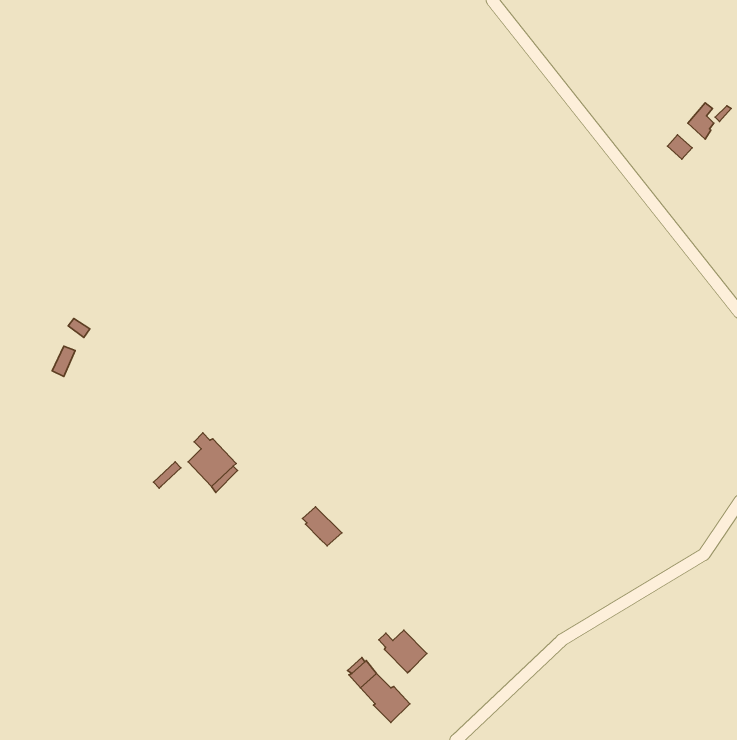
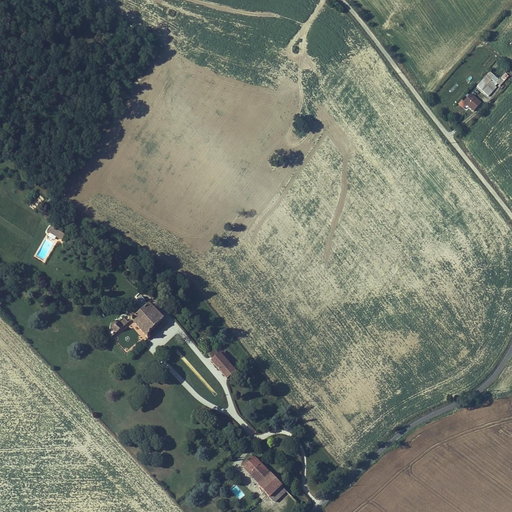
building: [379,630,427,673] -> none

